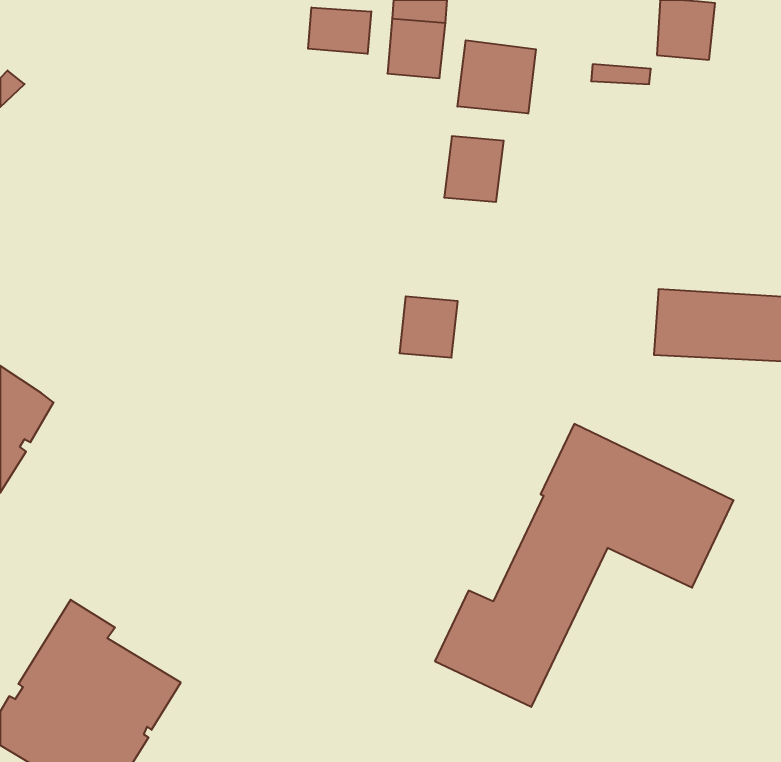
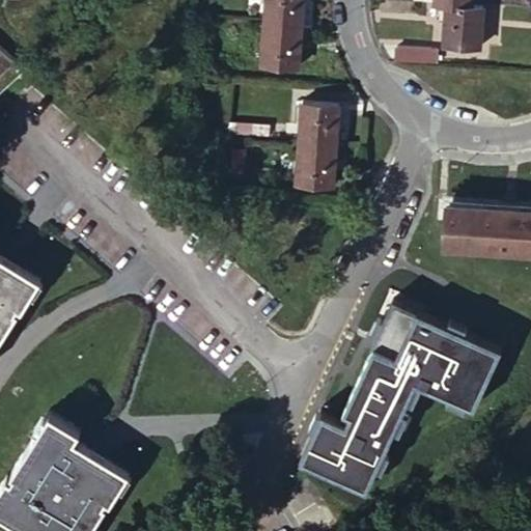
building: [308,7,371,54] -> none
building: [457,40,536,114] -> none
building: [399,296,458,358] -> [298,147,337,189]

